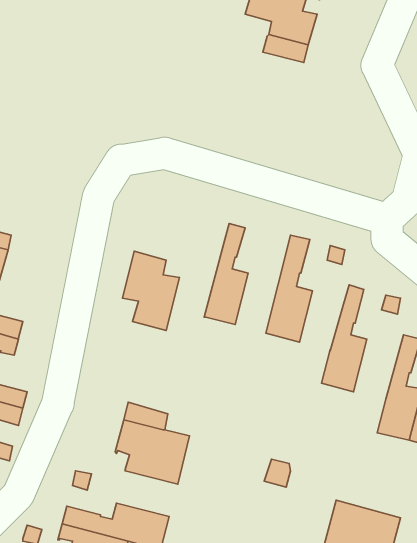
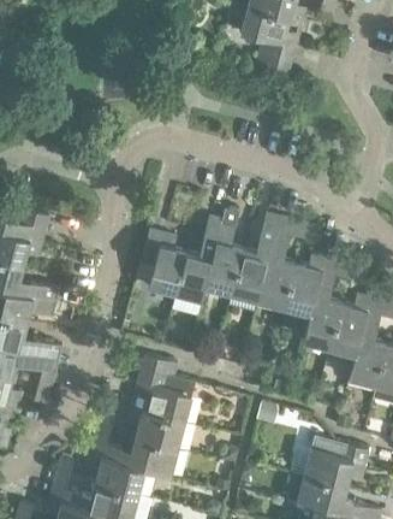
building: none -> [231,213,276,297]
building: none -> [174,217,222,302]
building: none -> [284,254,324,312]
building: none -> [328,295,369,352]
building: none -> [126,407,184,448]

